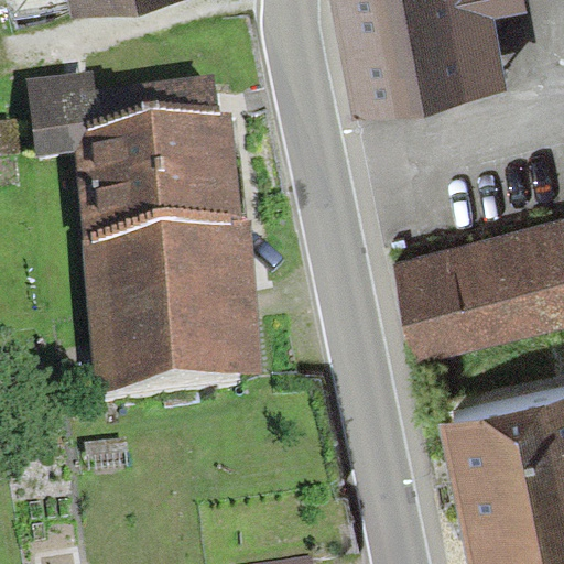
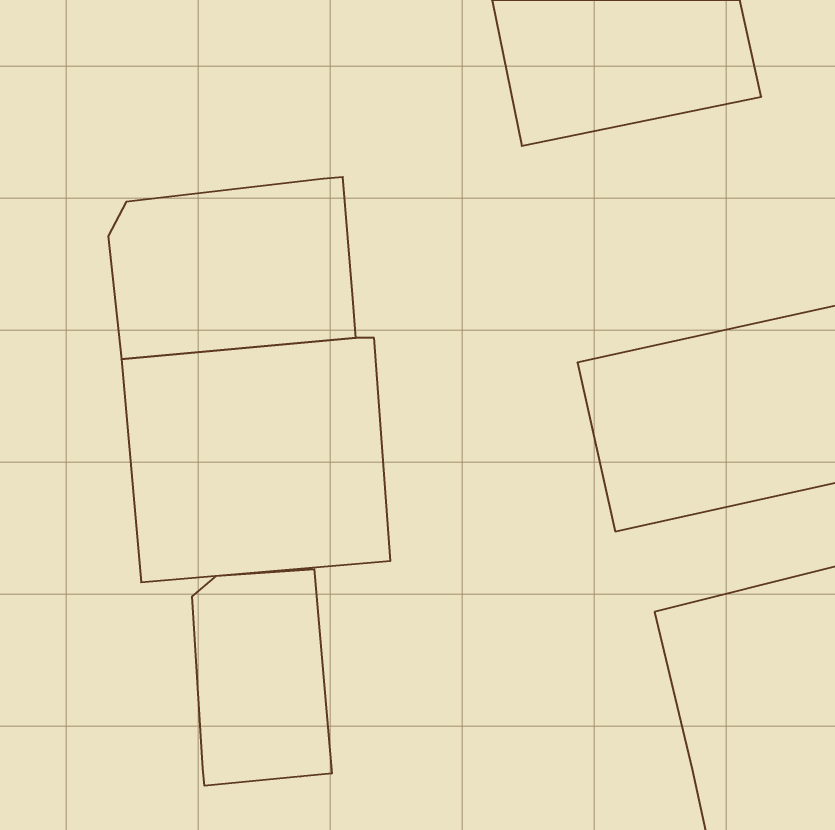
building: [35,82,219,164] -> none
building: none -> [192,569,332,786]

